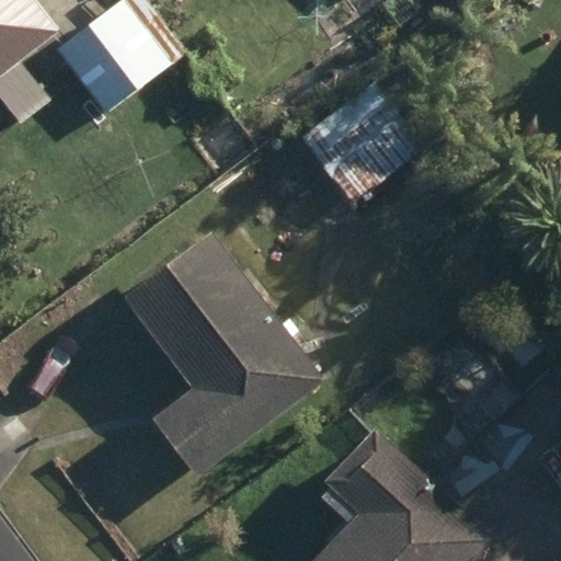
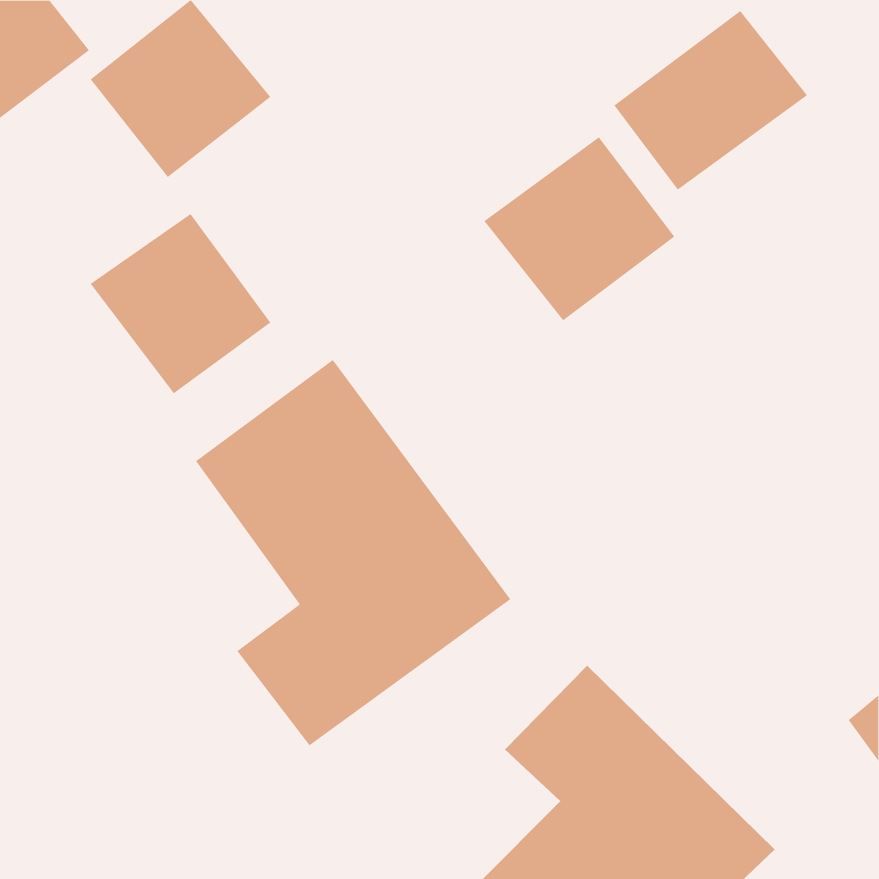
building: none -> [614,10,808,191]
building: none -> [90,213,271,394]

